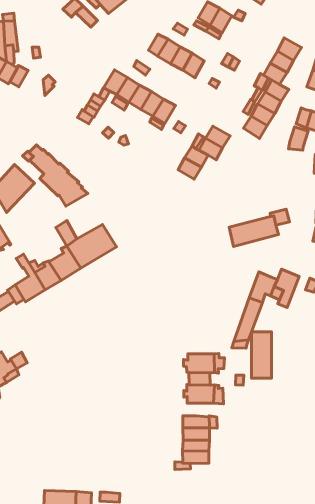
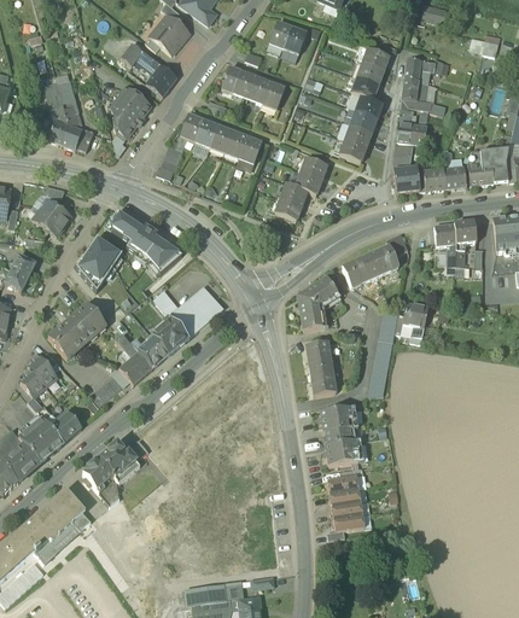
building: none -> [146,63,177,95]
building: none -> [112,86,151,135]
building: none -> [393,165,420,192]
building: none -> [298,276,339,330]
building: [251,332,271,378] -> [305,340,336,395]

